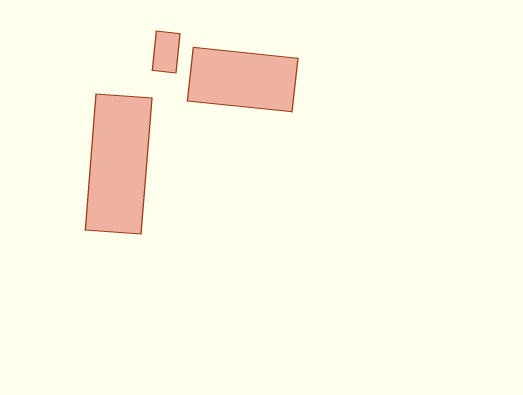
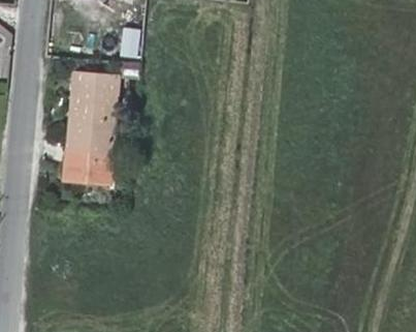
building: [188,47,298,112] -> none

